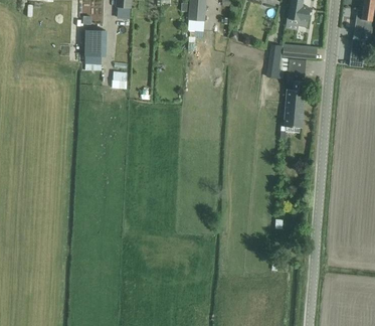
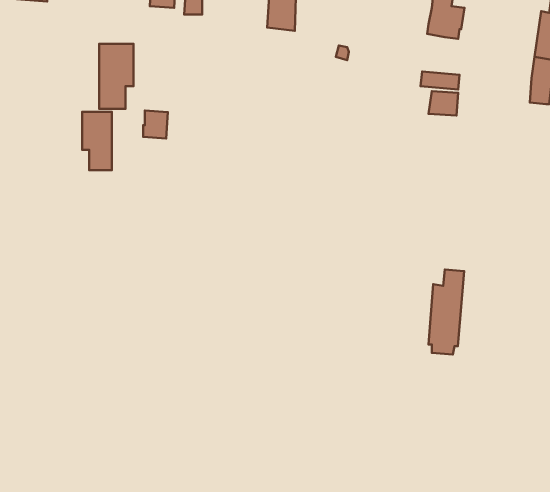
building: none -> [82,112,112,170]
building: [284,78,306,131] -> [428,270,464,354]

